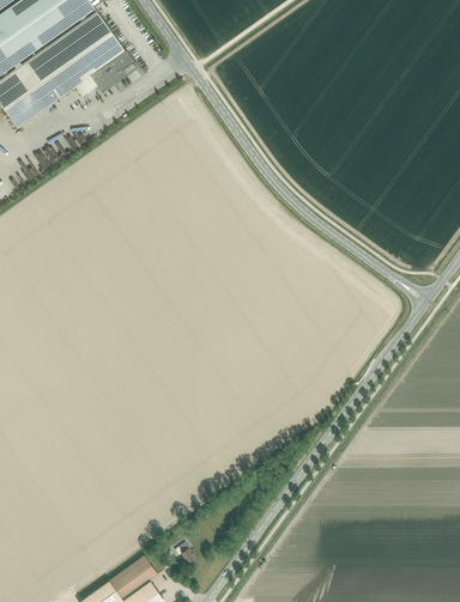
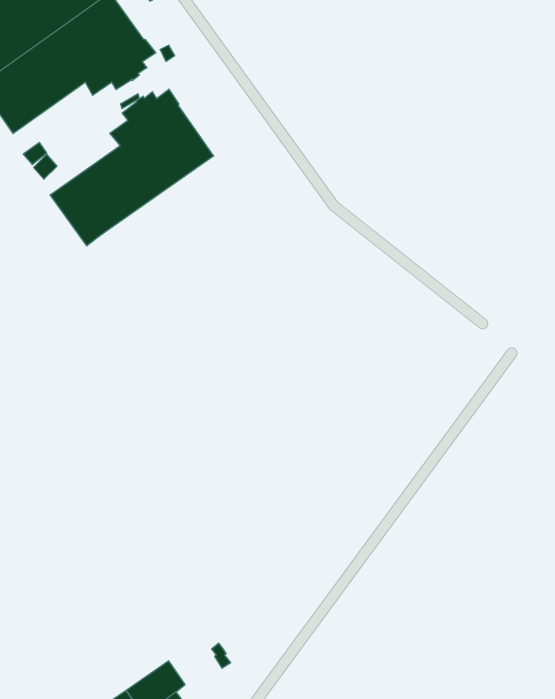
building: none -> [50,89,214,246]

